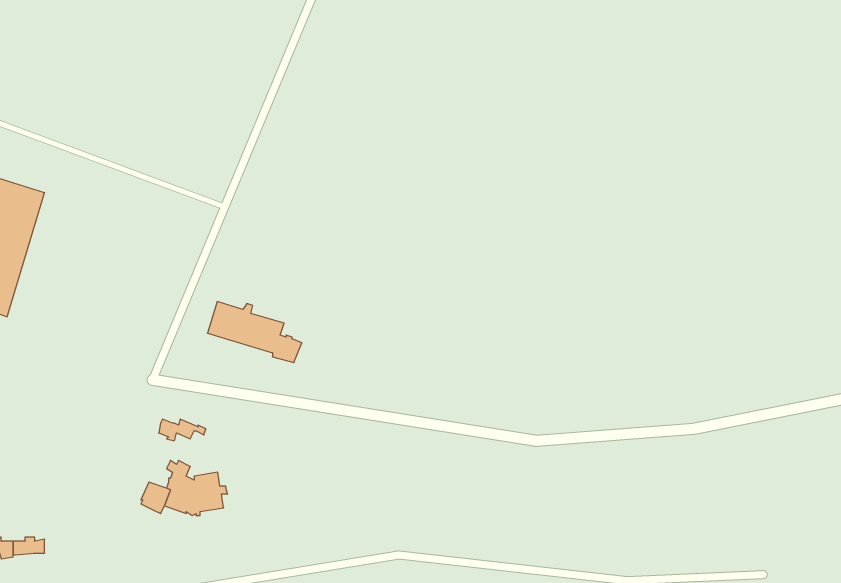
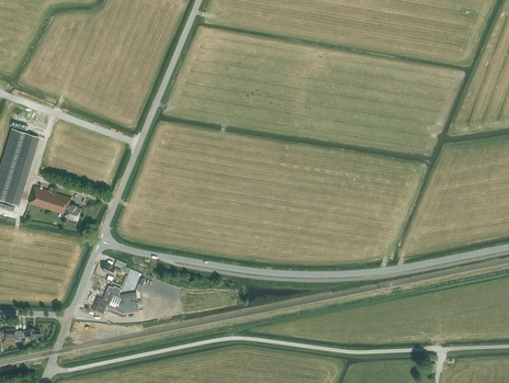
building: [207,302,302,363] -> [27,185,80,219]

